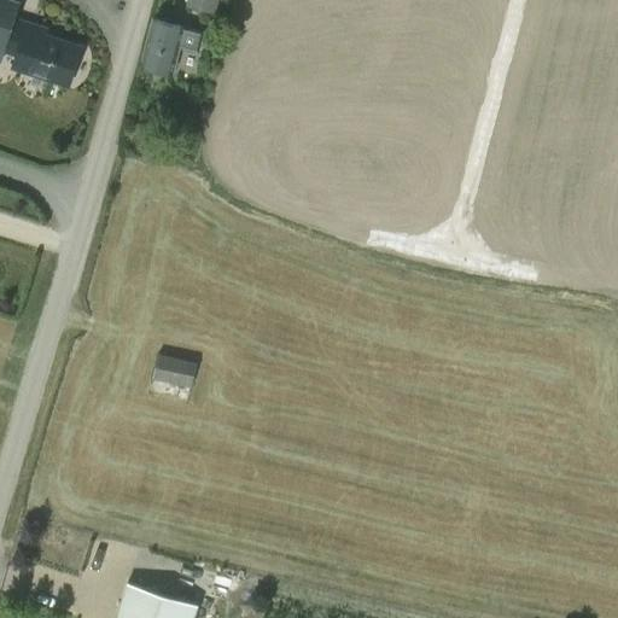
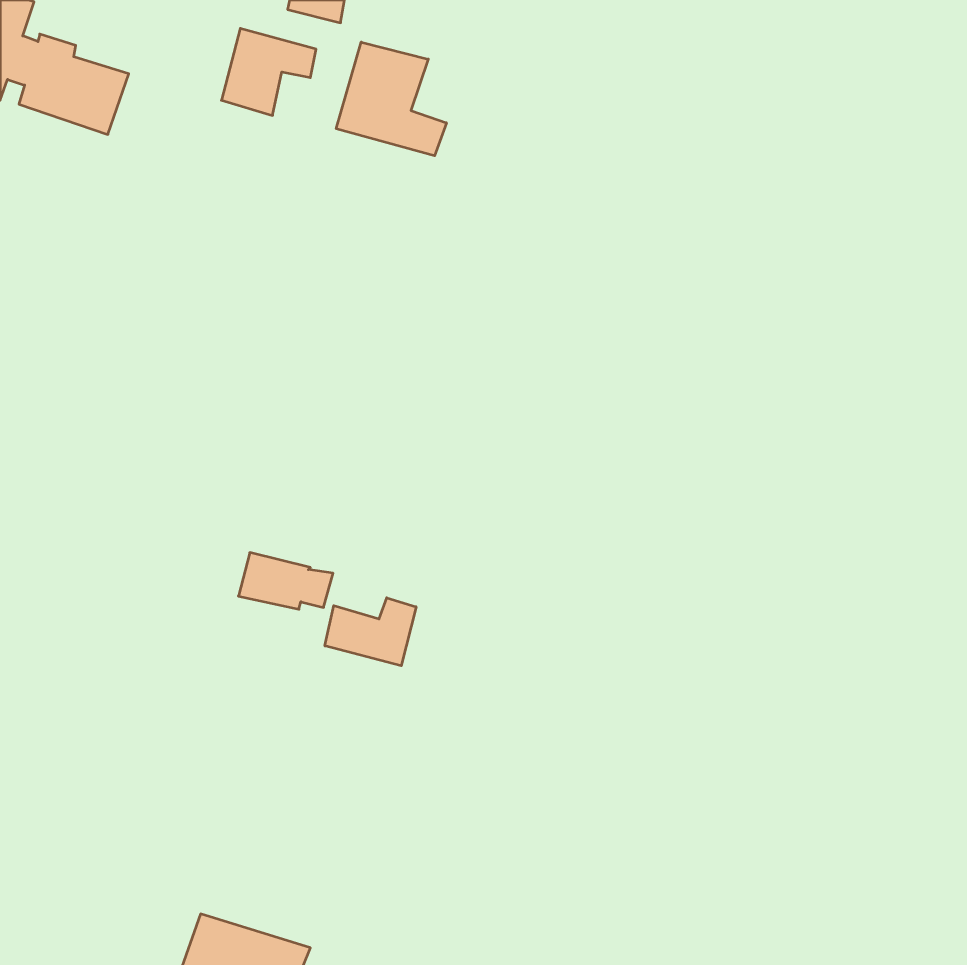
building: none -> [336,42,446,156]
building: none -> [325,598,416,666]

